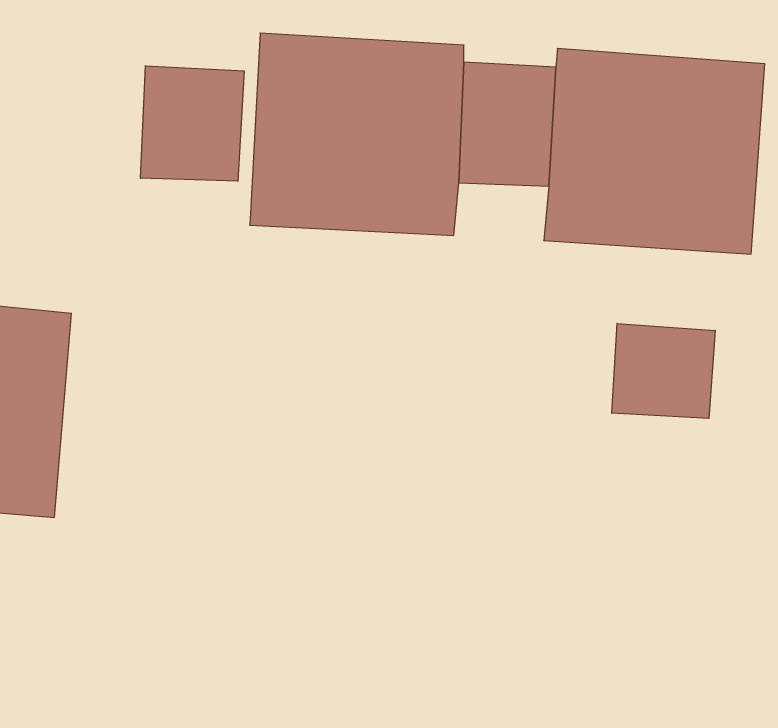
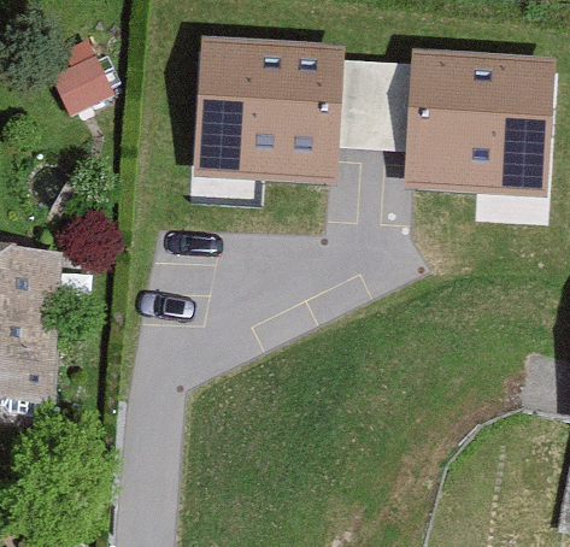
building: [140,66,244,181] -> none
building: [612,323,715,418] -> none

